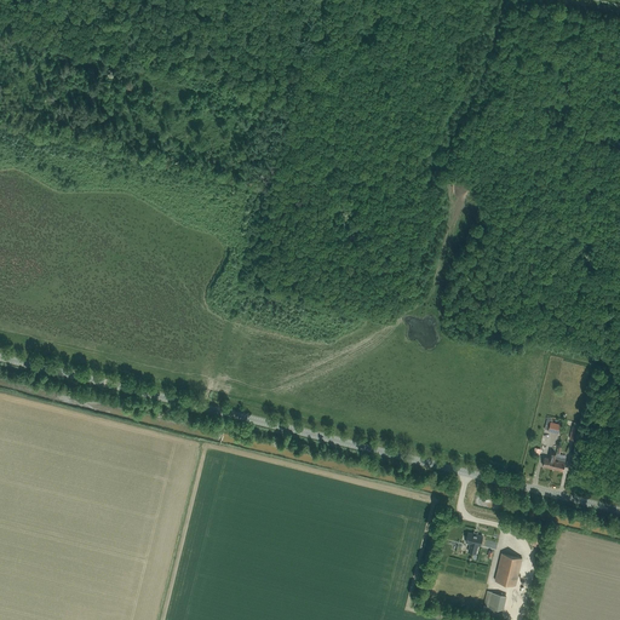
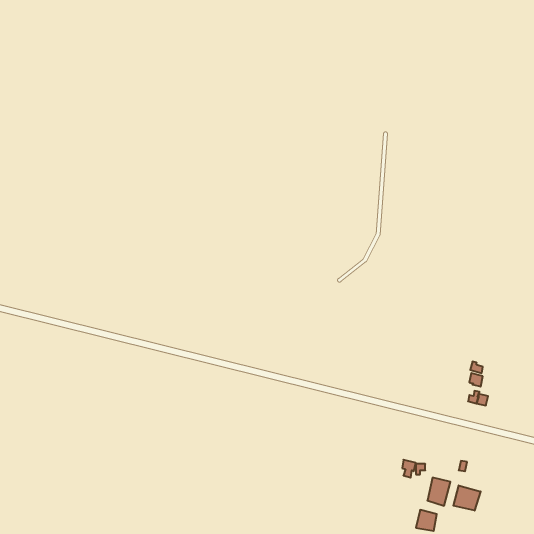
building: none -> [453,485,481,511]

